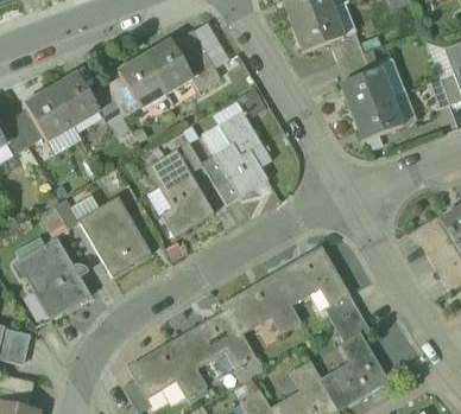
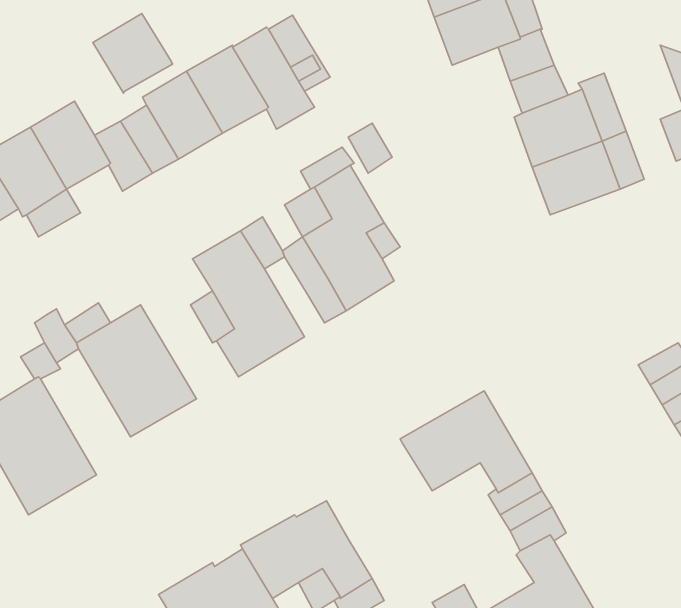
building: none -> [93,13,172,93]
building: [222,276,299,333] -> none

